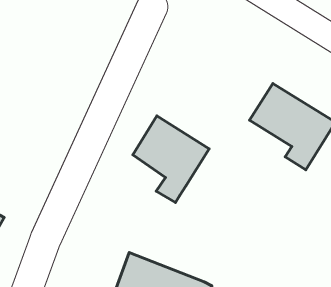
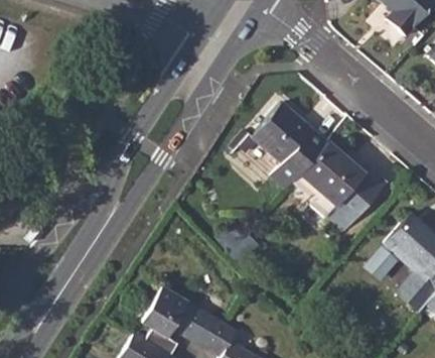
building: [133,116,209,203] -> [253,103,328,191]

